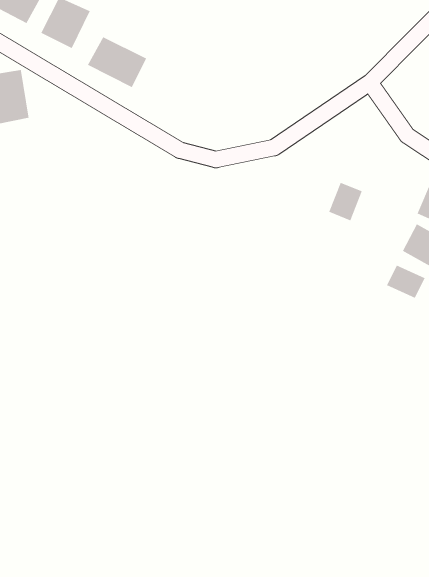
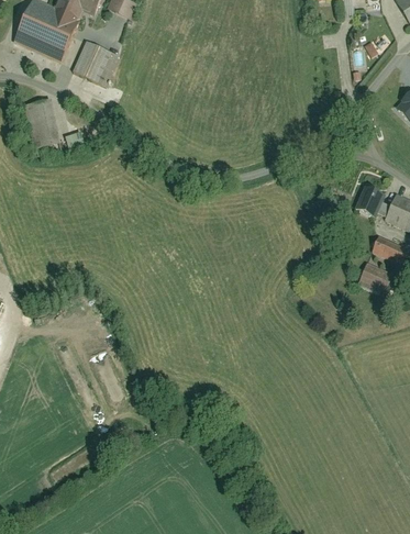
building: [87,36,147,88] -> none
building: [328,182,363,222] -> [357,185,386,218]

